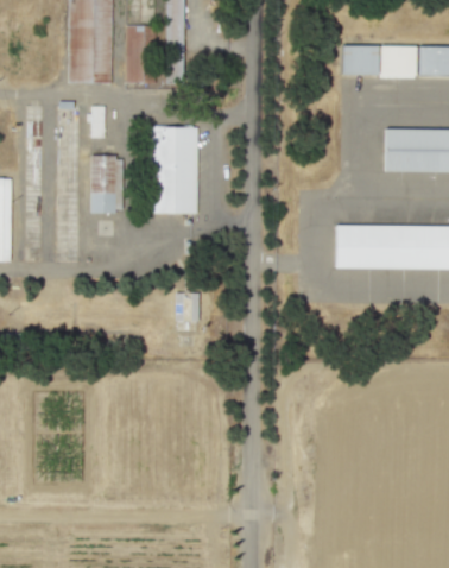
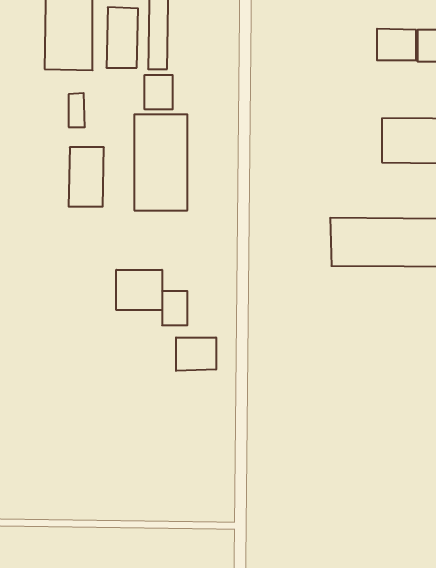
building: [341,45,378,75] -> none
building: none -> [145,75,173,109]
building: none -> [116,270,162,310]
building: none -> [176,337,216,371]

